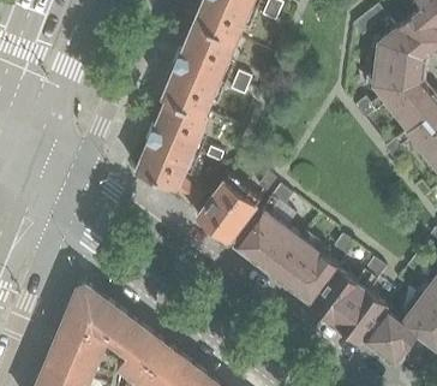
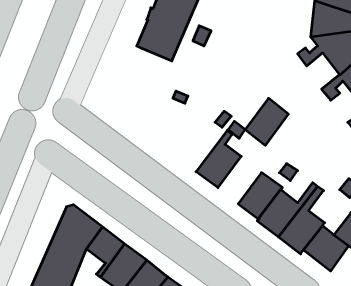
building: [138,97,210,209] -> none
building: [197,180,257,242] -> none
building: [262,227,313,284] -> [245,98,288,145]

